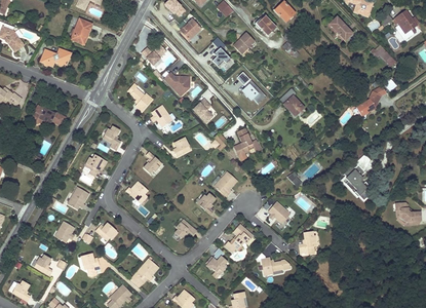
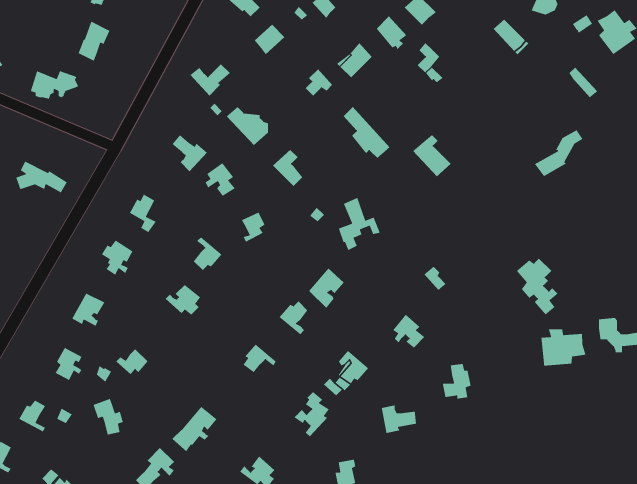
building: none -> [540,328,586,367]

